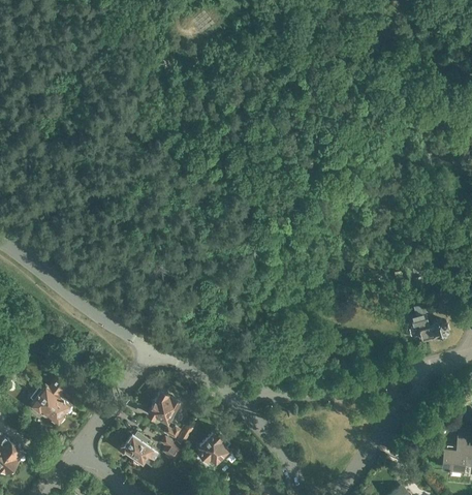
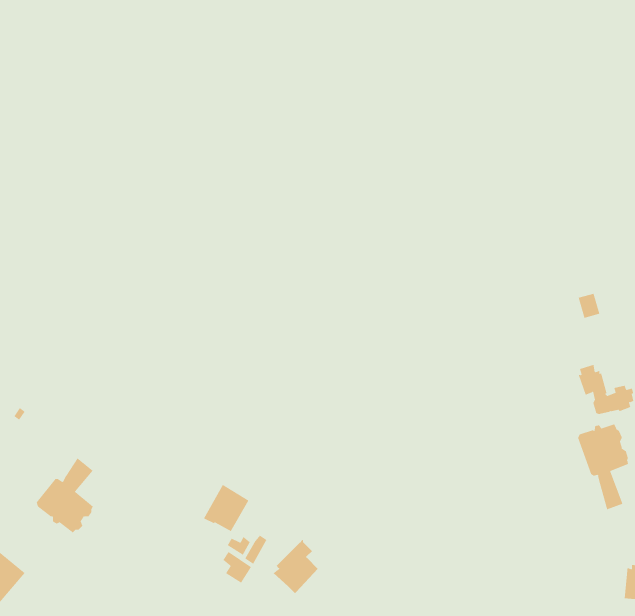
building: none -> [578,424,629,510]
building: [121,431,157,463] -> none

